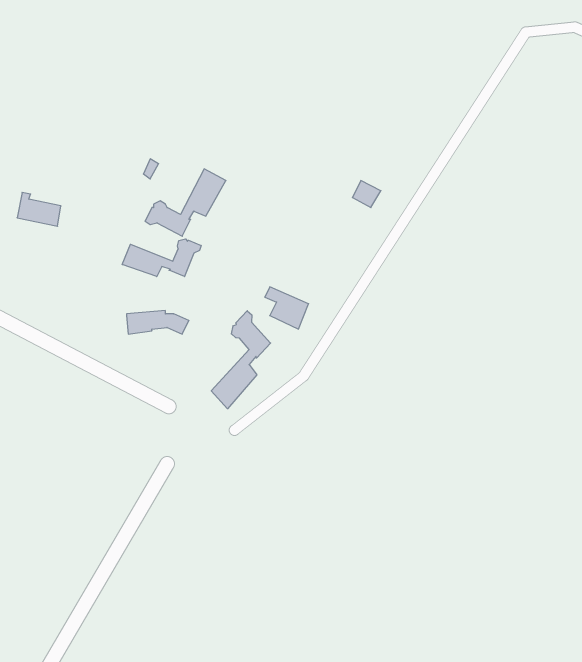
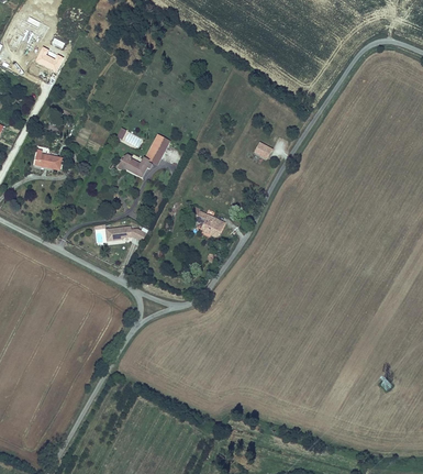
building: [122,239,201,277] -> none
building: [211,311,271,409] -> none

